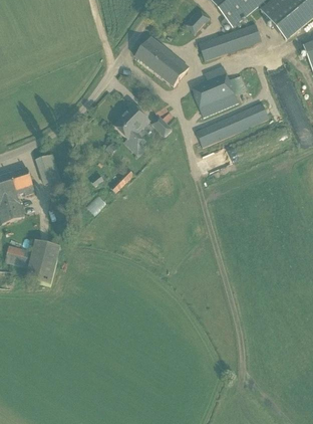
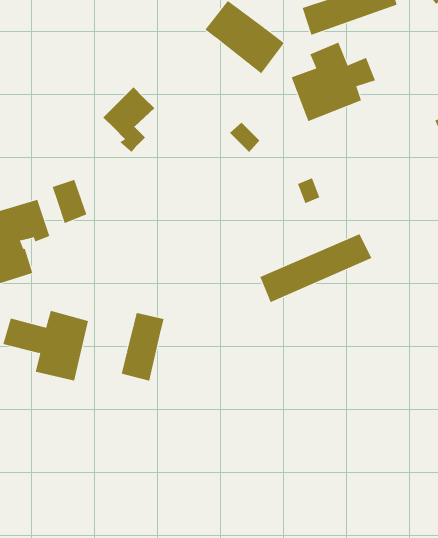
building: [196,101,269,147] -> [259,234,372,303]
building: [114,105,148,149] -> [103,87,155,153]
building: none -> [121,312,164,381]

